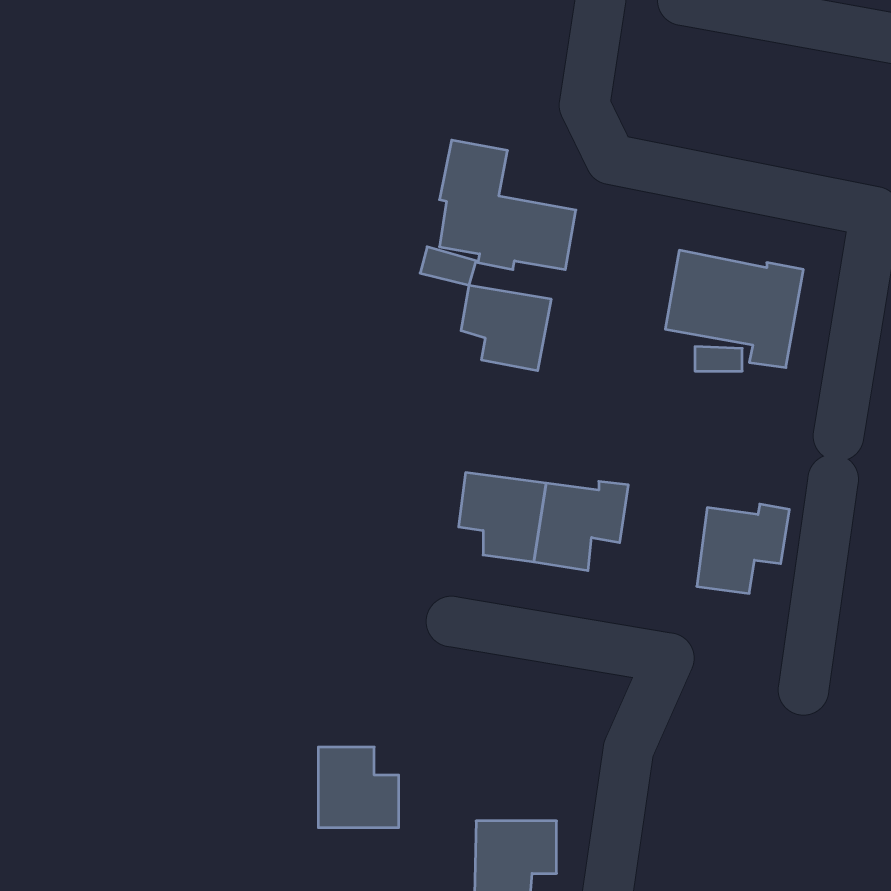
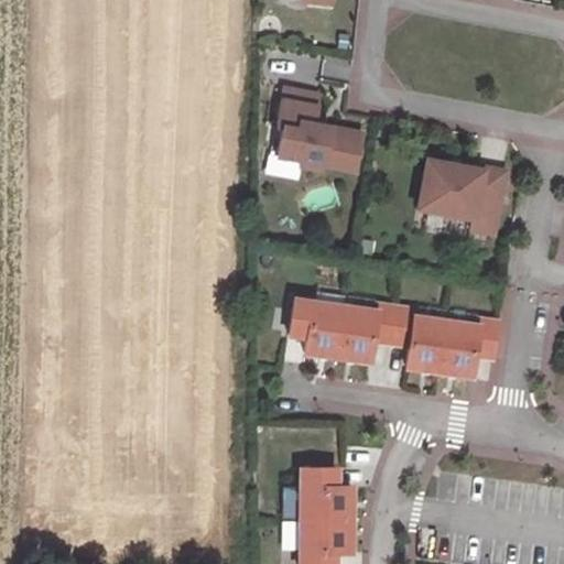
building: [461,285,551,371] -> none
building: none -> [392,307,447,371]
building: [318,747,399,828] -> [302,468,352,519]

